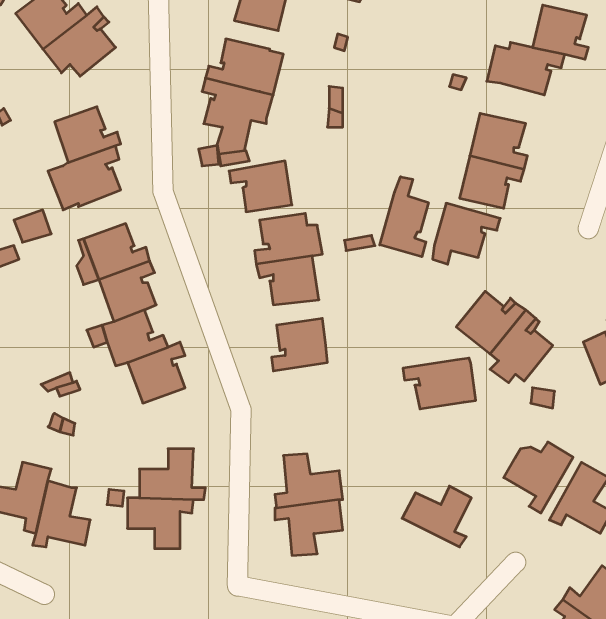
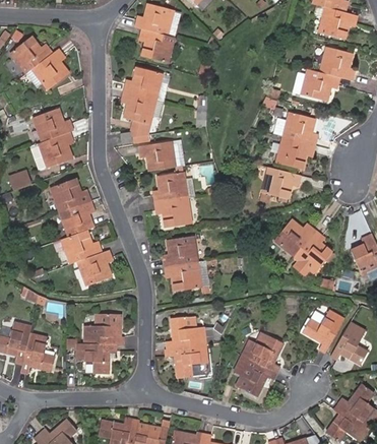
building: [380,177,428,257] -> none
building: [403,358,476,409] -> [165,260,208,291]
building: none -> [234,355,276,396]

